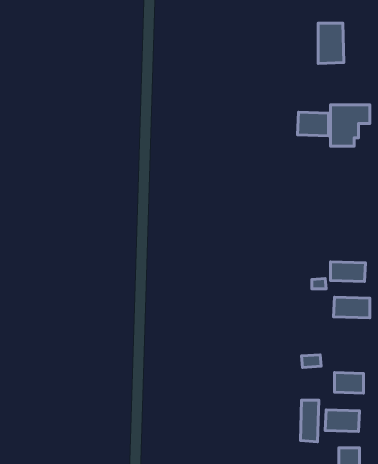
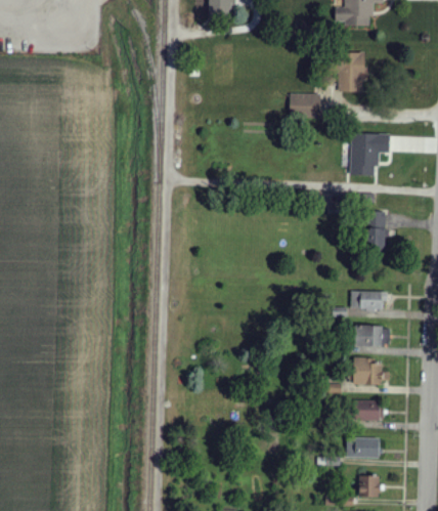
building: [297,112,329,136] -> [290,94,320,118]
building: none -> [365,213,386,251]
building: none -> [353,357,383,385]
building: [300,400,319,442] -> none

